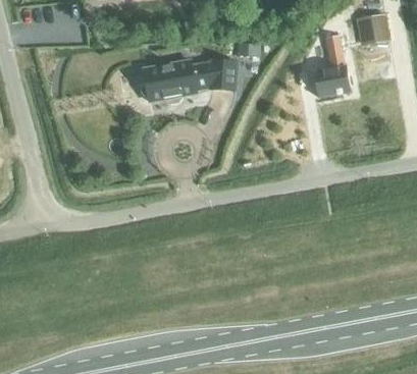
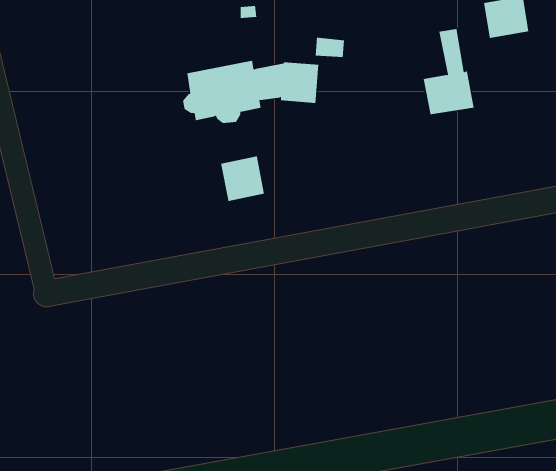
building: none -> [221,155,265,202]

